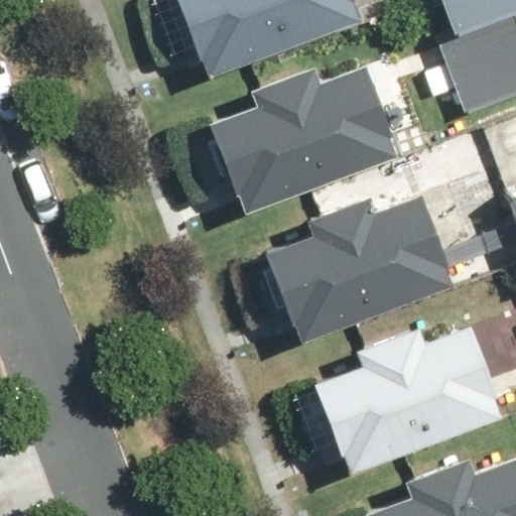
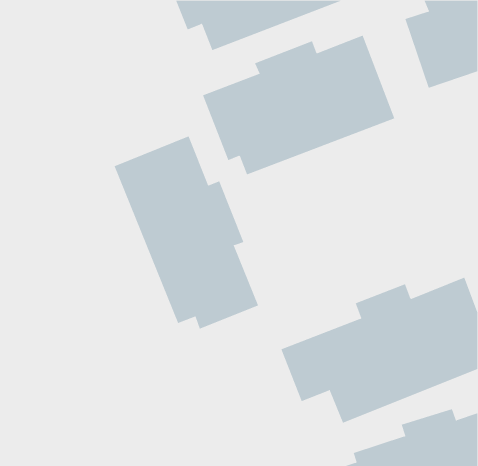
building: none -> [114,136,259,329]
building: [267,183,478,340] -> none

